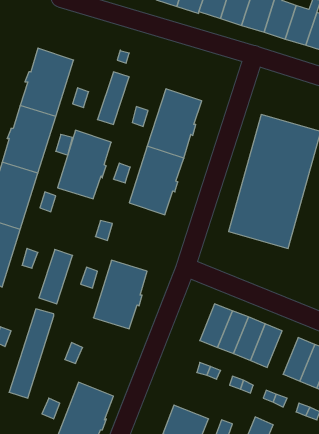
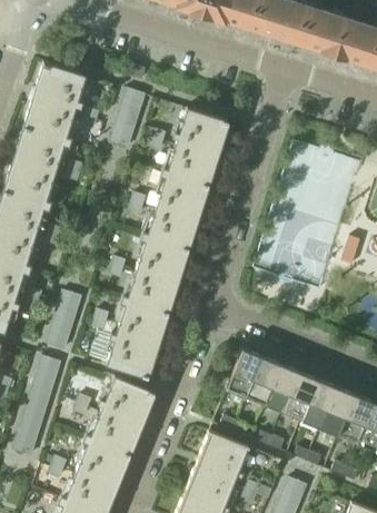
building: [58,130,111,199] -> [127,236,187,313]
building: none -> [90,376,155,453]
building: none -> [301,379,336,428]
building: none -> [197,432,248,479]

